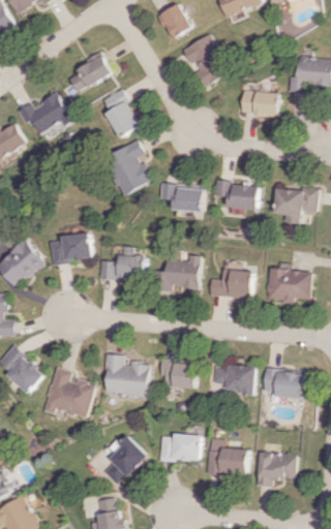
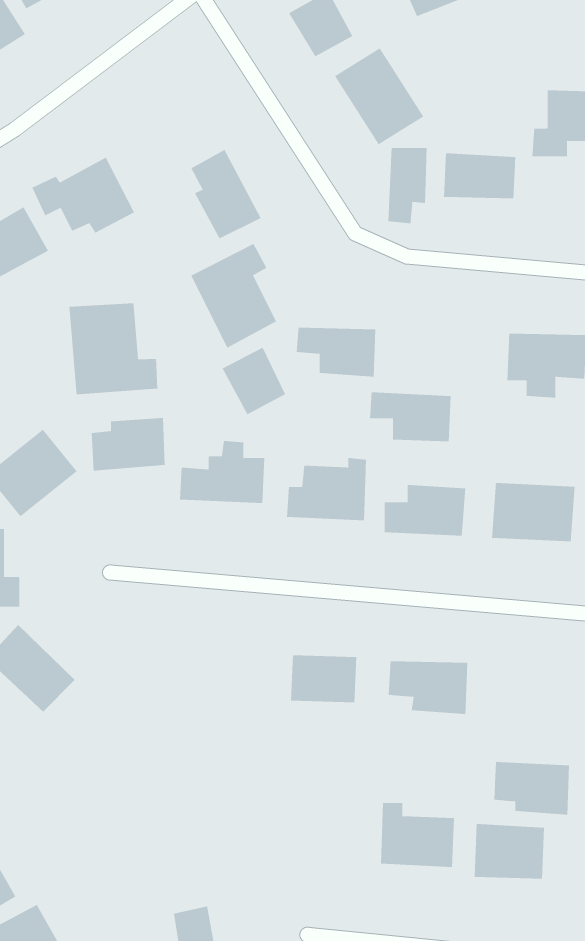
building: [70,52,114,93] -> none
building: none -> [388,147,427,224]
building: none -> [69,303,158,395]
building: [216,182,261,209] -> [369,392,451,442]
building: none -> [222,347,286,415]
building: [101,354,147,397] -> none
building: [40,367,91,417] -> none
building: [262,370,303,399] -> [493,761,570,815]
building: [157,434,200,461] -> none
building: [100,436,147,485] -> none

